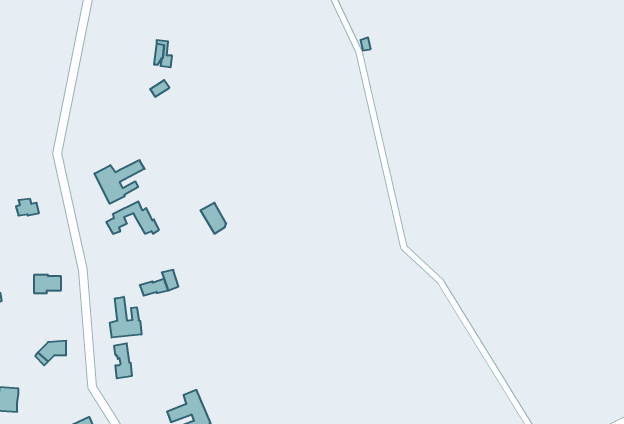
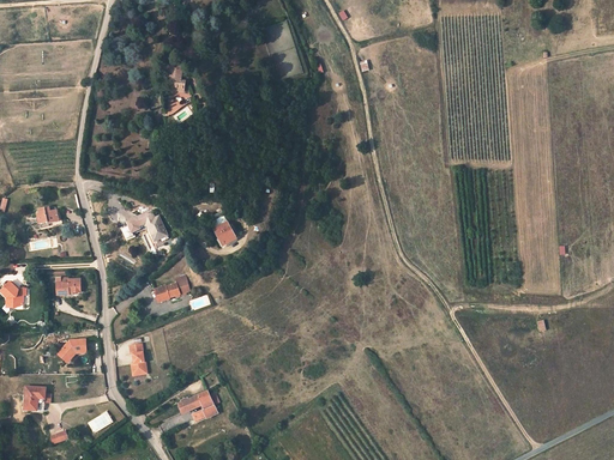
building: [94,160,145,204] -> none
building: [110,297,141,338] -> none

